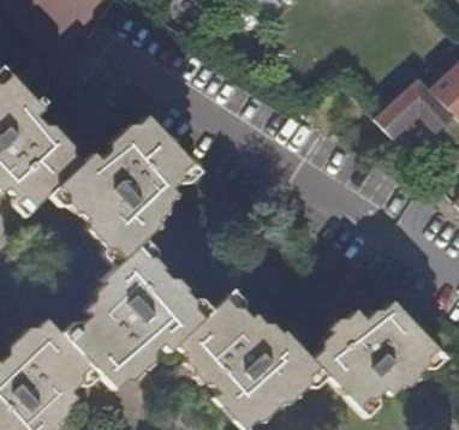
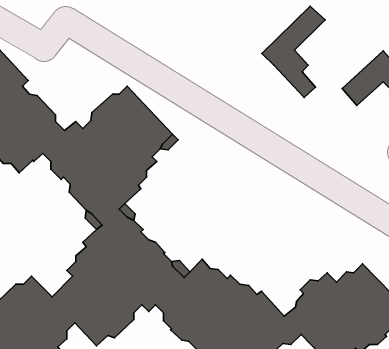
building: none -> [262,6,325,98]

